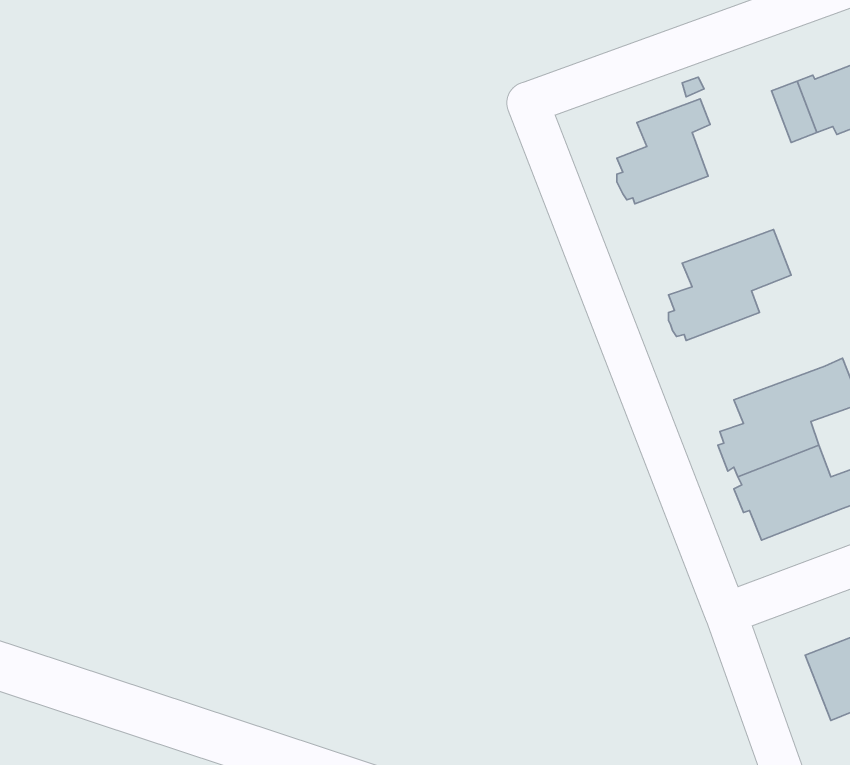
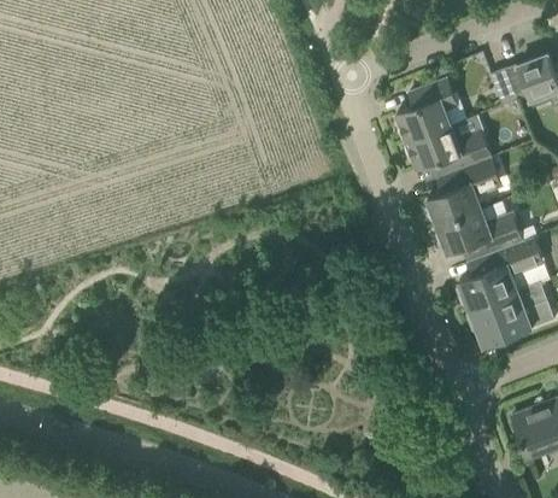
building: none -> [405,125,492,174]
building: none -> [436,209,523,262]

